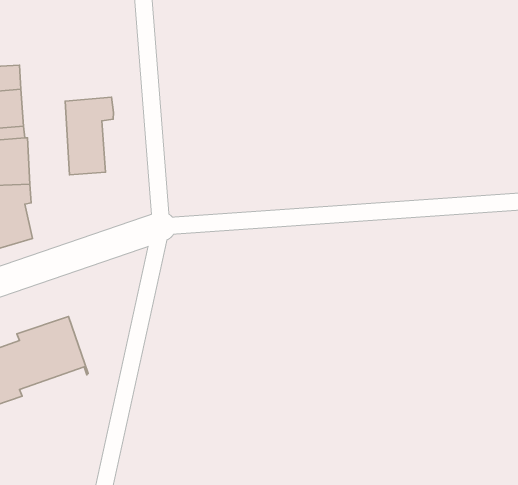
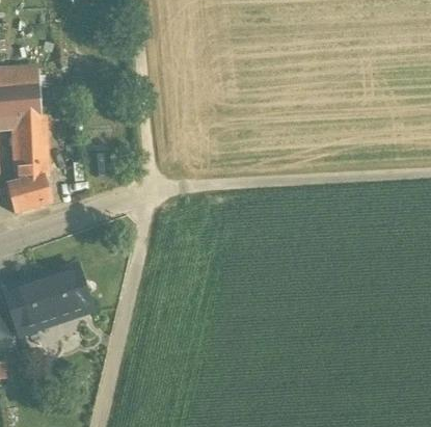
building: [65,97,114,175] -> none

